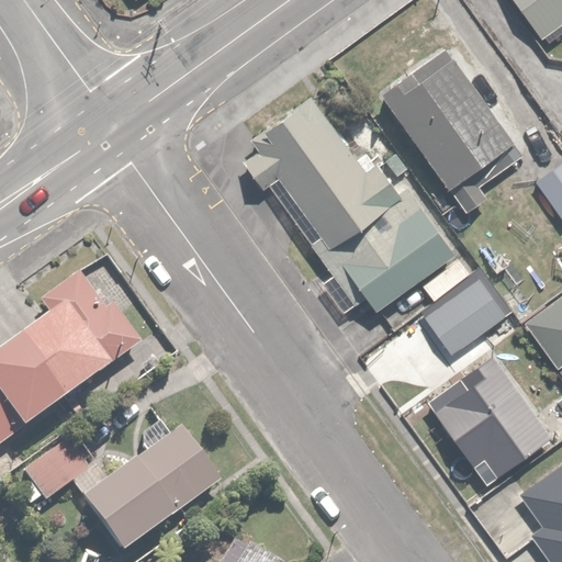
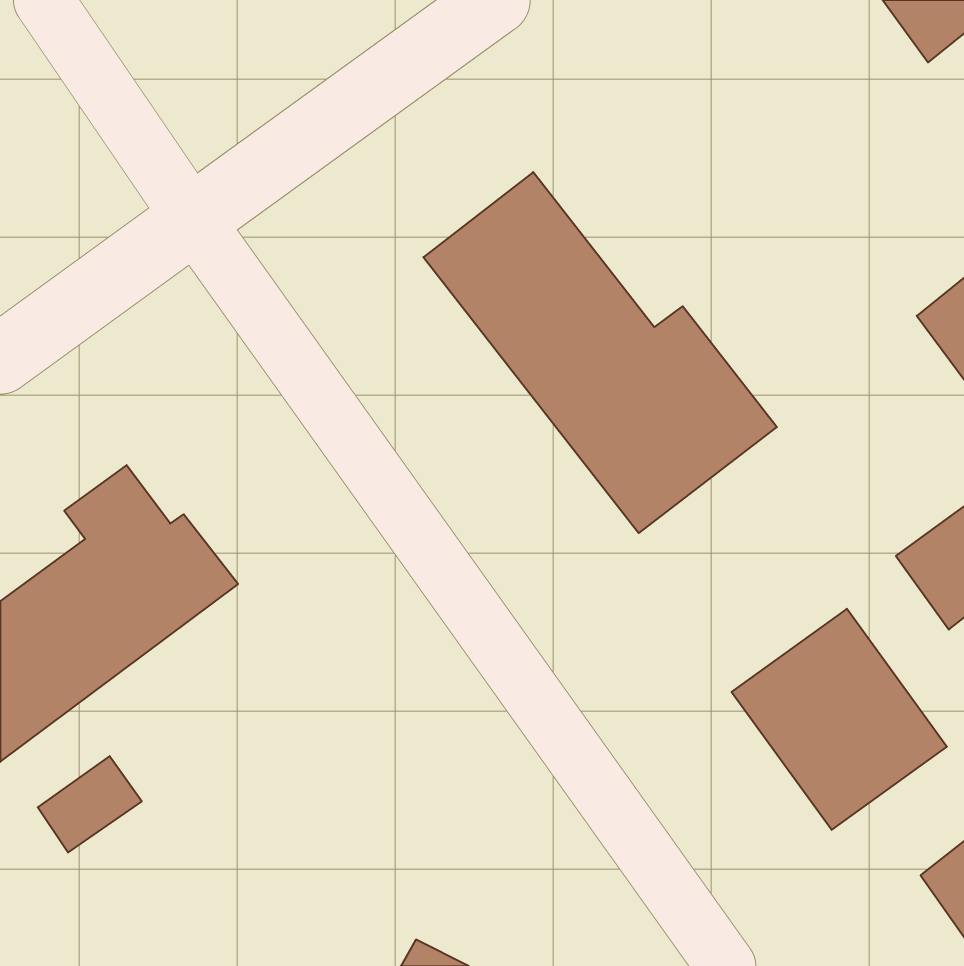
building: [379,42,538,207] -> none
building: [425,279,502,349] -> none
building: [80,420,217,553] -> none

